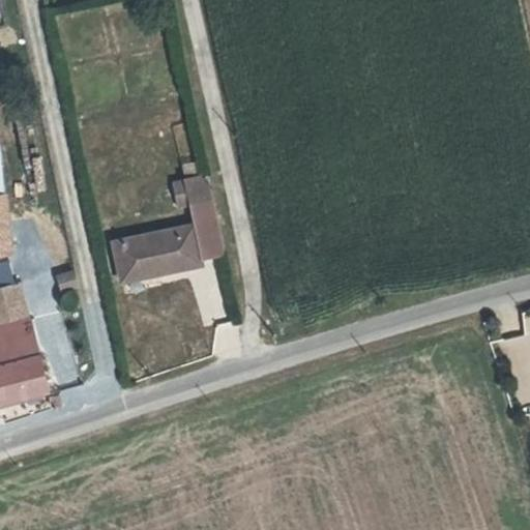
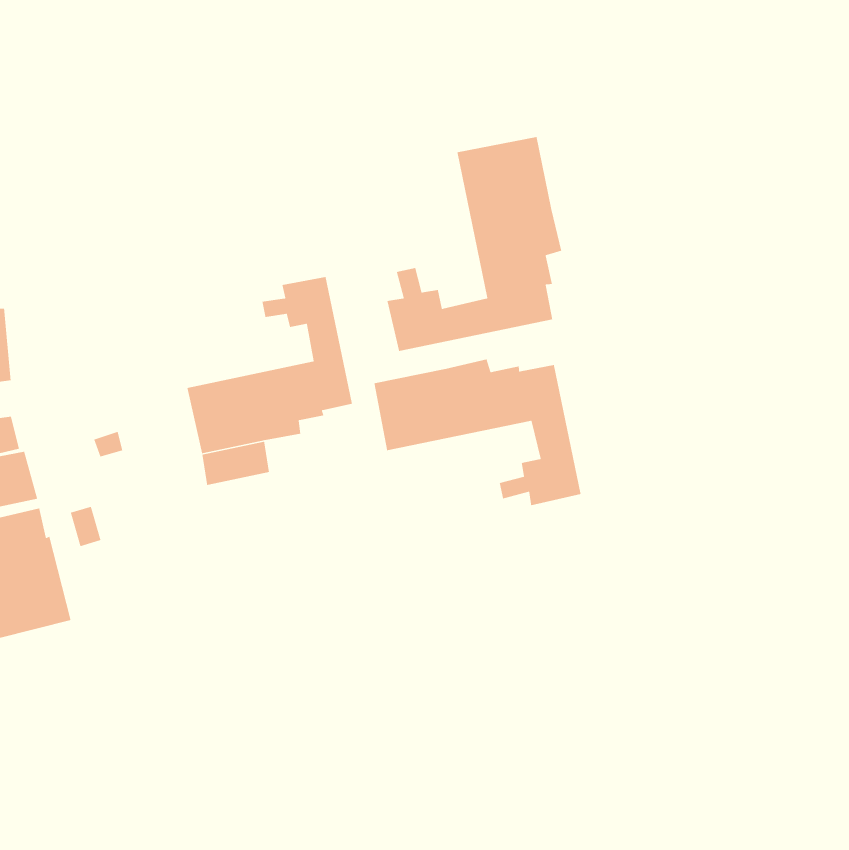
building: none -> [387,136,562,352]
building: none -> [373,358,582,506]

